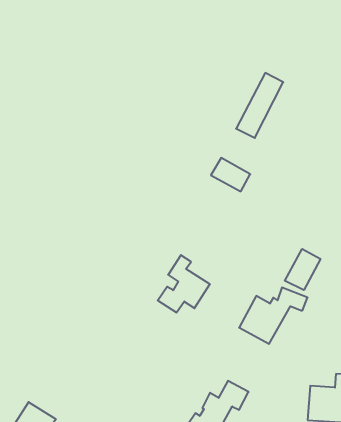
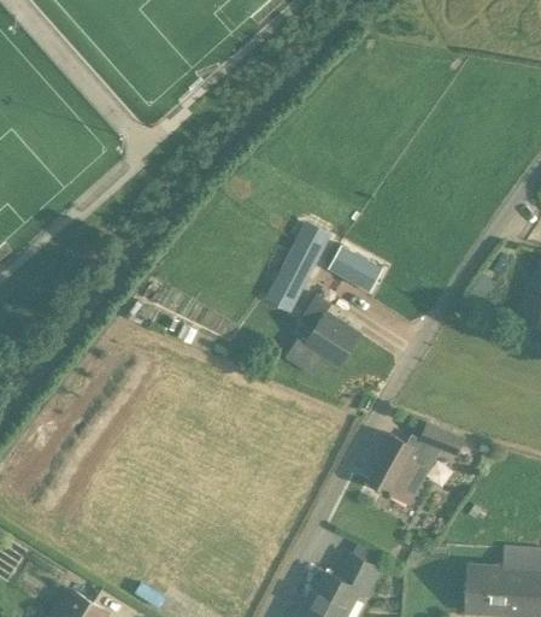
building: [236,73,283,138] -> [265,224,331,316]
building: [285,249,320,290] -> none
building: [158,255,210,312] -> [286,292,359,372]

